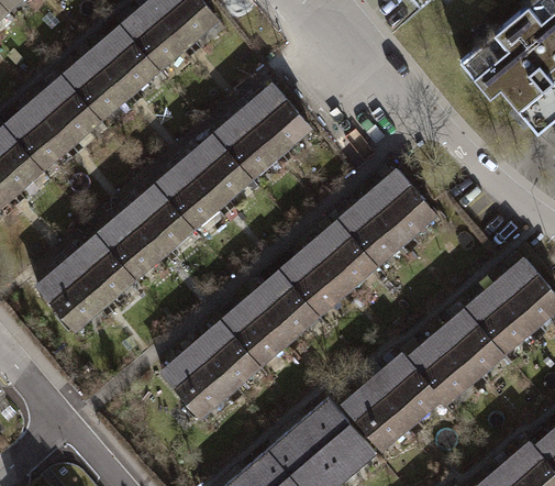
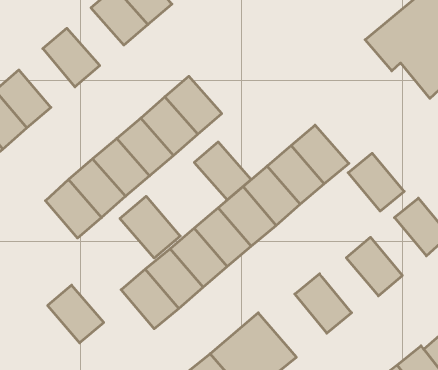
building: [91,23,162,95] -> none
building: [32,74,101,146] -> none
building: [242,82,312,154] -> [194,142,251,200]
building: none -> [120,196,180,258]
building: [35,262,104,333] -> [48,285,104,343]
building: [466,283,535,354] -> [348,153,404,211]
building: [407,332,476,404] -> none
building: [342,377,412,451] -> none

